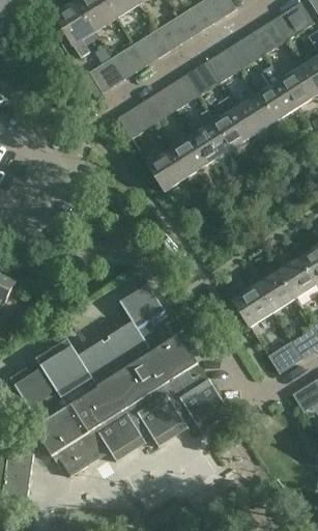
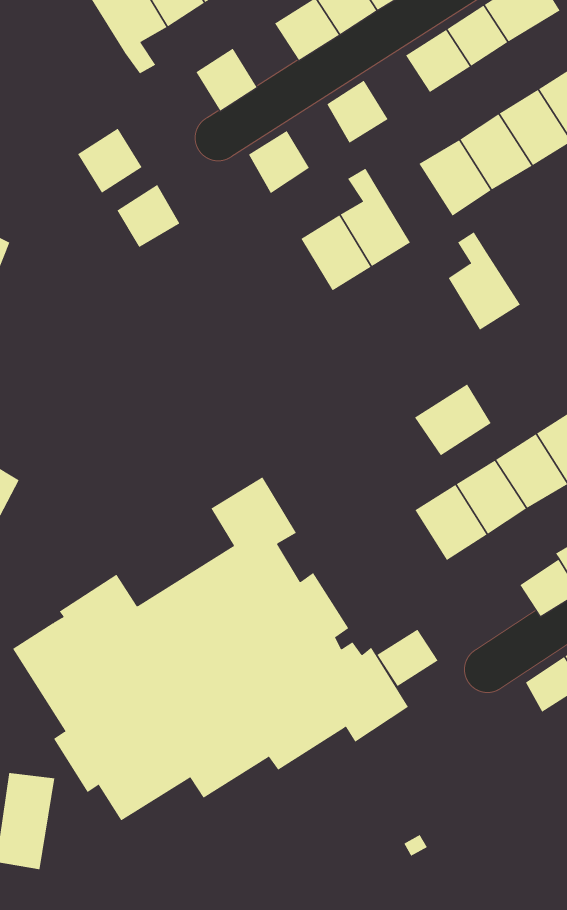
building: [133,30,169,65] -> none
building: [205,48,241,83] -> none
building: [89,57,125,93] -> [77,128,143,193]
building: [163,75,197,110] -> none
building: [213,96,254,151] -> [448,231,521,331]
building: [118,103,153,138] -> [116,184,180,248]
building: [147,149,187,193] -> none
building: none -> [414,384,491,456]
building: [268,341,302,373] -> [377,629,438,687]

